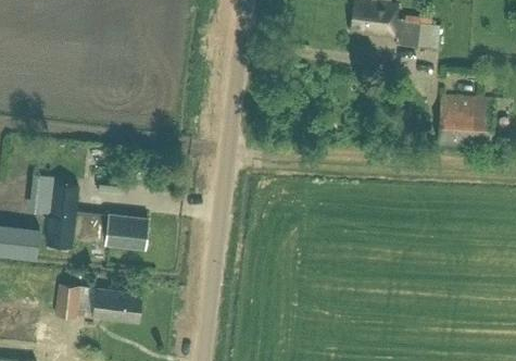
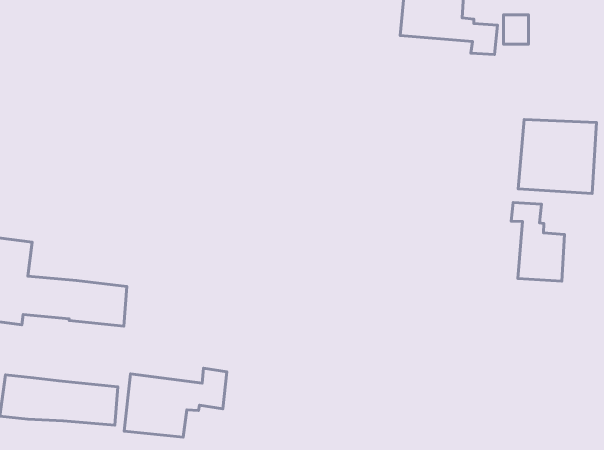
building: none -> [511,203,564,281]
building: none -> [124,368,227,437]

